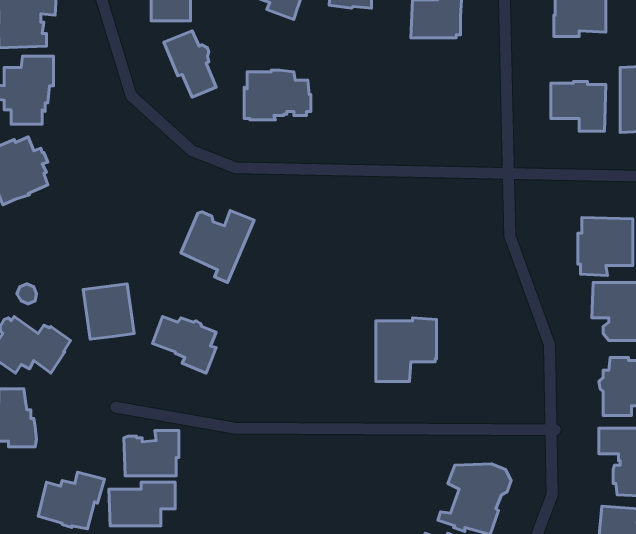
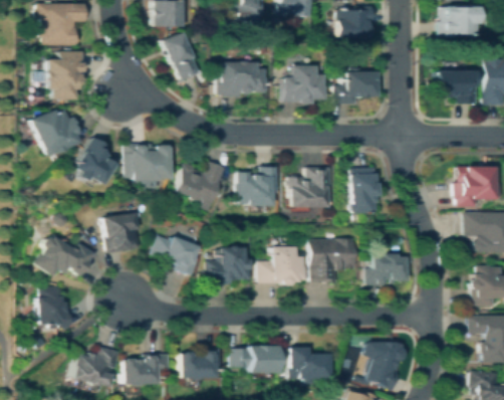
building: none -> [283,65,328,104]
building: none -> [335,68,375,104]
building: none -> [72,137,111,185]
building: none -> [124,144,169,189]
building: none -> [237,166,277,206]
building: none -> [288,167,331,207]
building: none -> [350,167,376,213]
building: none -> [261,243,306,286]
building: none -> [210,246,252,285]
building: none -> [368,253,407,285]
building: [124,431,179,476] -> [181,347,220,379]
building: none -> [232,345,277,373]
building: none -> [290,348,331,383]

